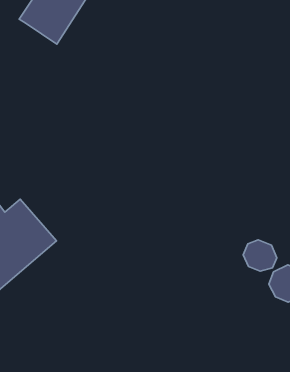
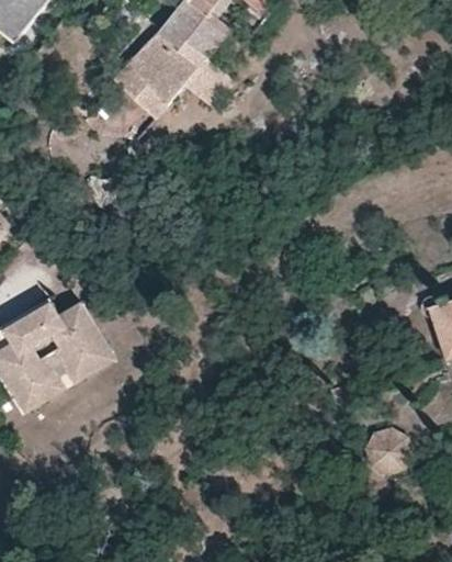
building: [243,240,277,271] -> none

